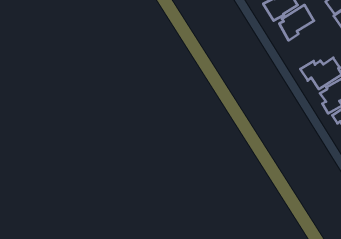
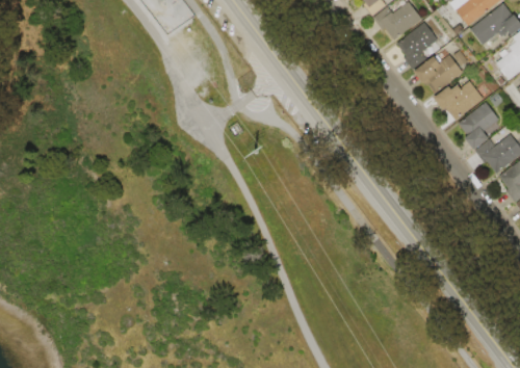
building: none -> [411,54,465,91]

